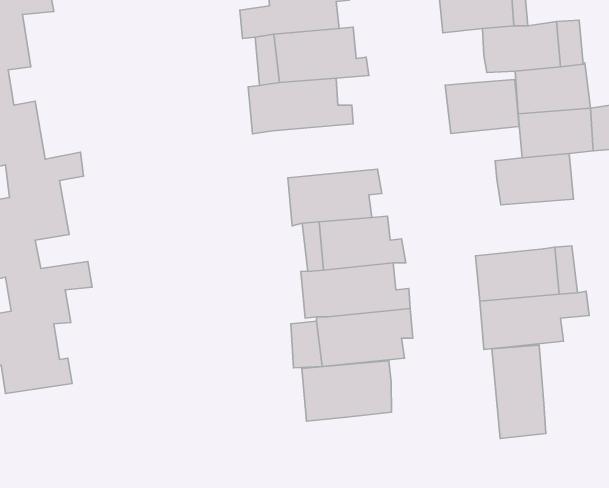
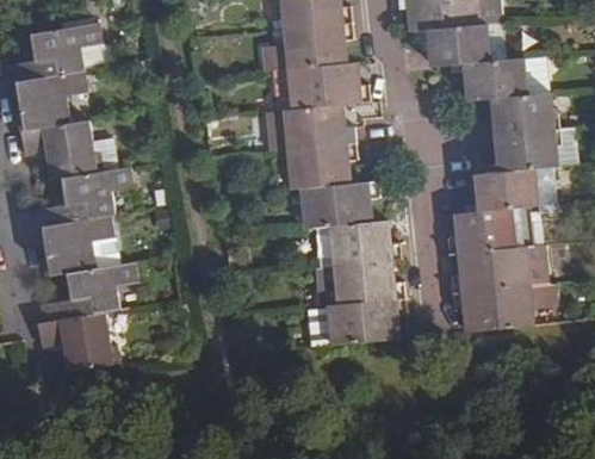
building: [445,80,519,134] -> [454,207,516,253]
building: none -> [289,142,359,188]
building: [492,345,546,438] -> none
building: [302,361,392,421] -> none

